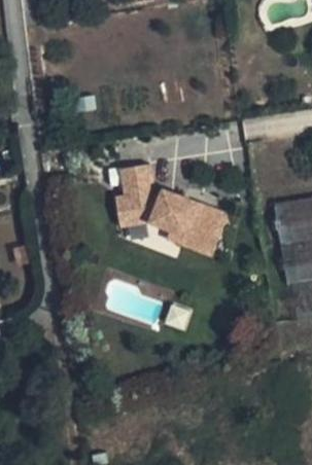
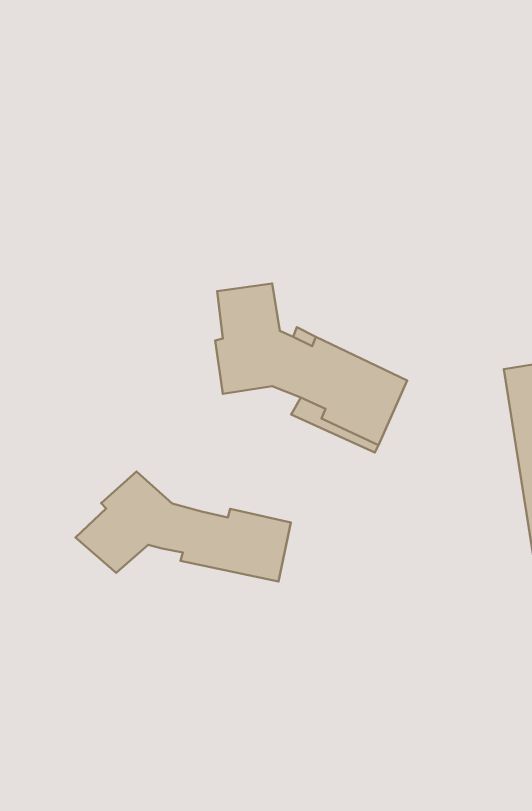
building: none -> [76,471,291,581]

